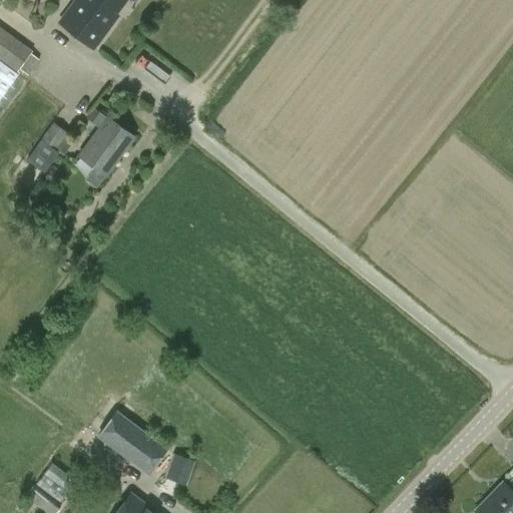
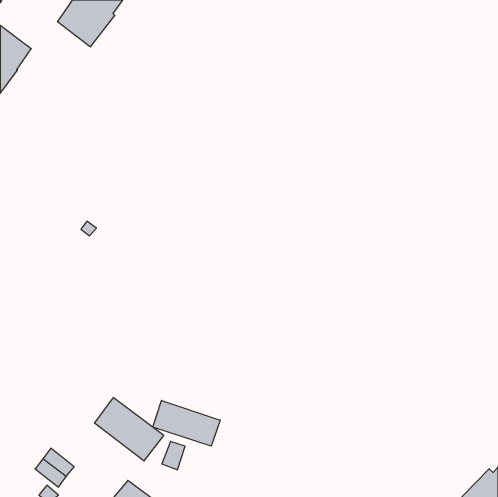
building: [79,113,134,176] -> none
building: [26,124,68,174] -> none
building: none -> [153,400,220,446]

